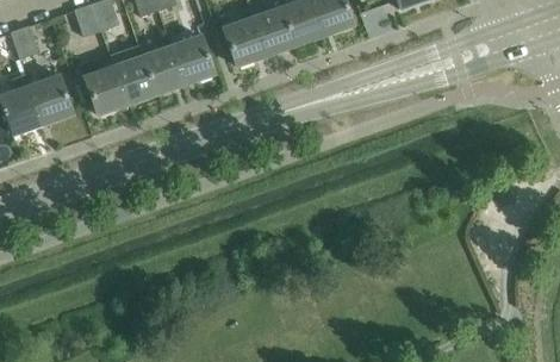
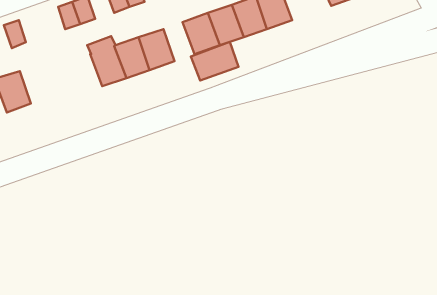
building: none -> [191,42,238,81]
building: [83,65,127,114] -> none
building: [30,75,73,124] -> none

